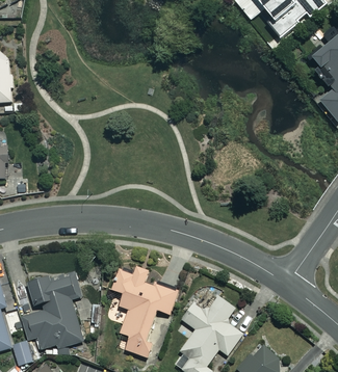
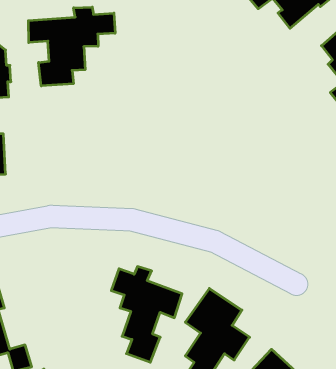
building: none -> [28,7,115,86]
building: [21,271,81,348] -> none

